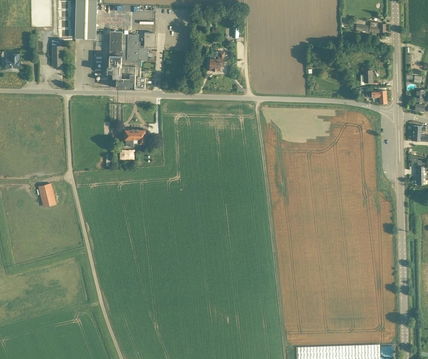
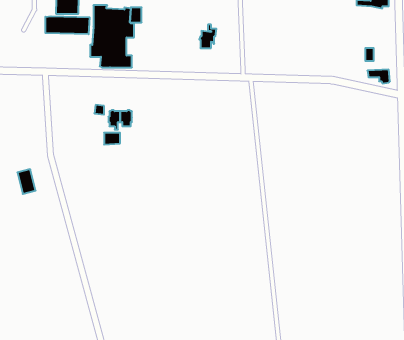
building: none -> [45,16,90,34]

